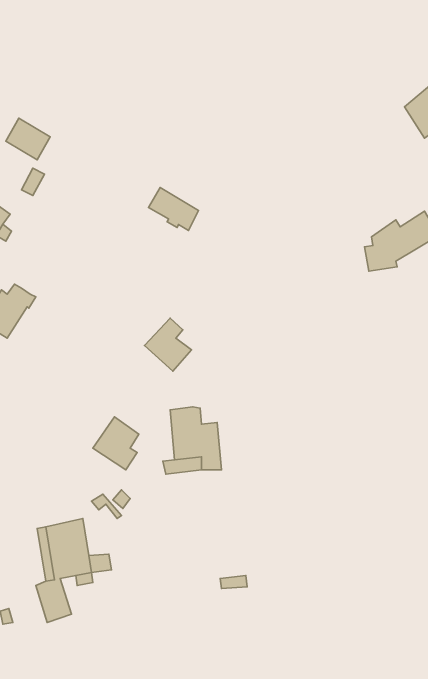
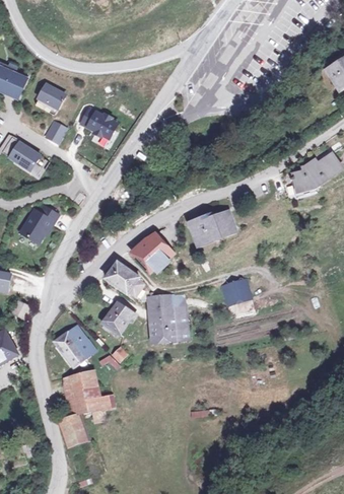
building: [149,187,199,230] -> [81,111,117,141]
building: none -> [192,215,230,246]
building: none -> [104,258,143,292]
building: none -> [222,278,251,302]
building: none -> [54,323,97,365]

